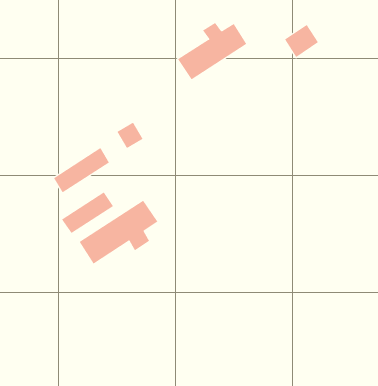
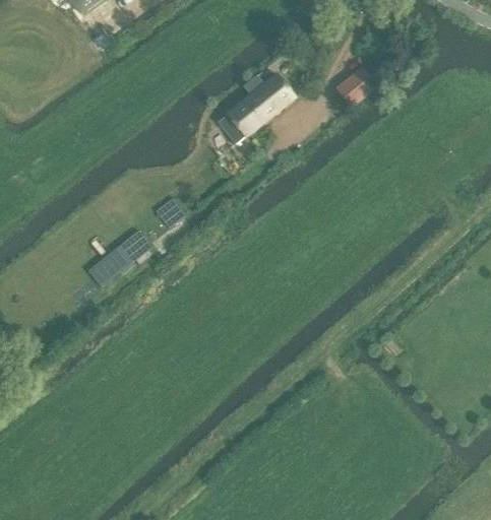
building: [61,192,114,234] -> none
building: [79,200,158,265] -> none

